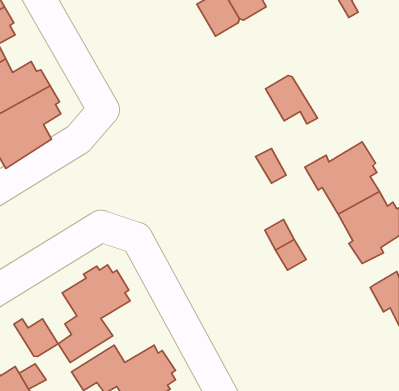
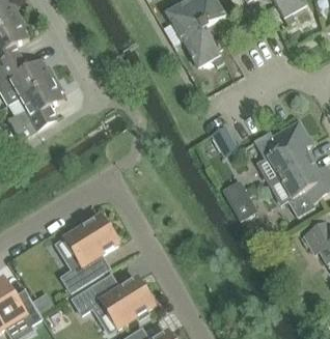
building: [266,76,318,124] -> [184,28,224,65]
building: [14,319,58,357] -> none

